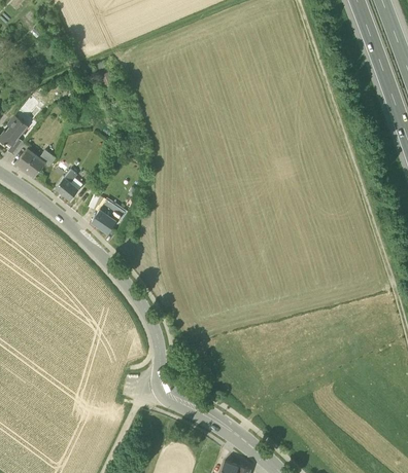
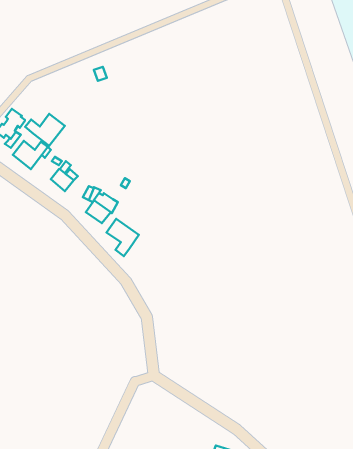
building: none -> [25,114,65,146]
building: none -> [107,219,139,256]

